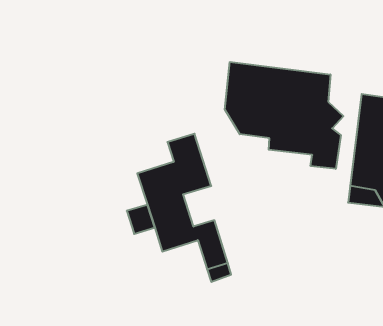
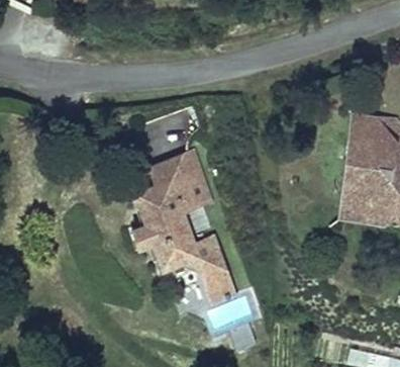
building: [225,62,343,169] -> none

